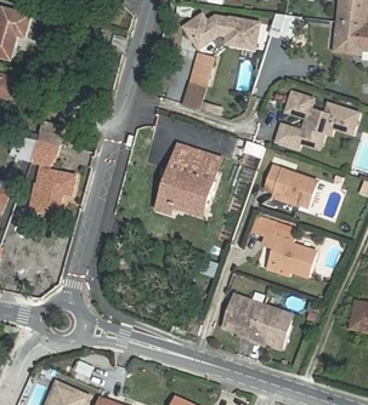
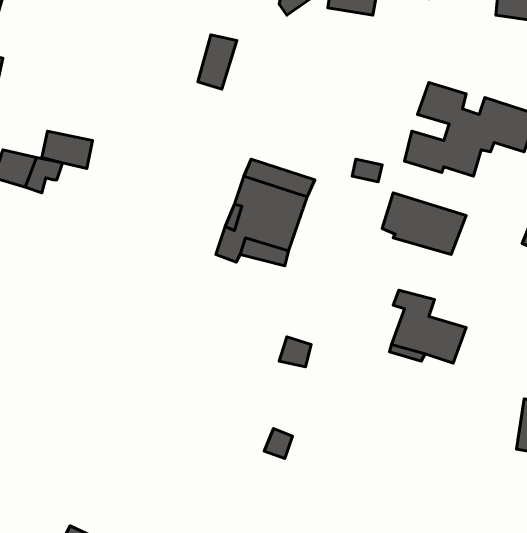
building: [186,57,211,92] -> [198,35,237,89]
building: [34,166,74,215] -> none
building: [222,296,293,349] -> none

